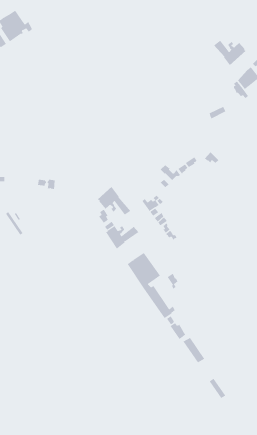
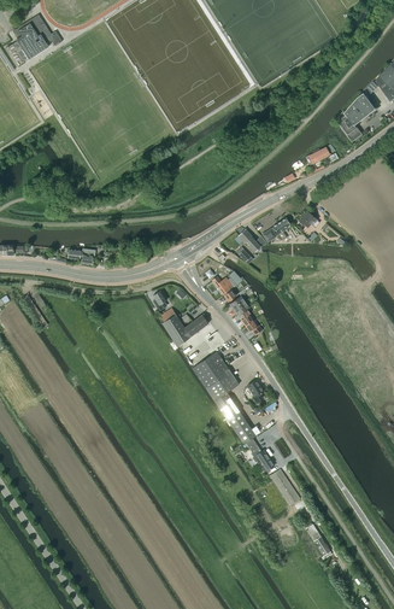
building: [213,40,246,66] -> none
building: [97,186,131,216] -> none

